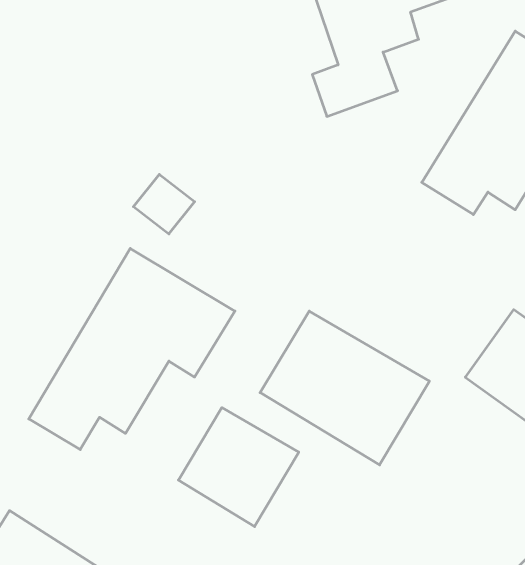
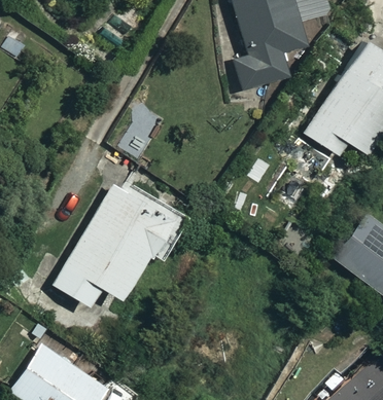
building: [260,311,429,465] -> none
building: [178,408,299,527] -> none

